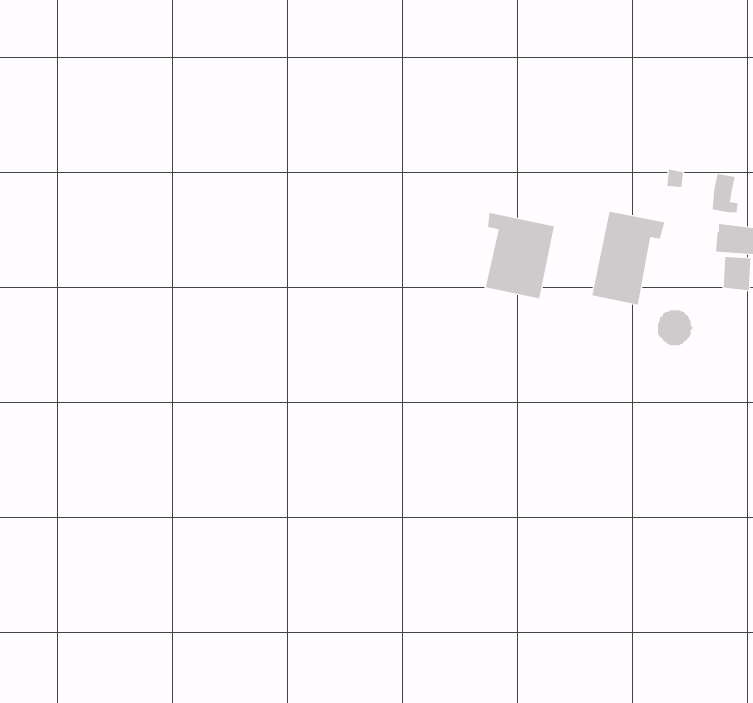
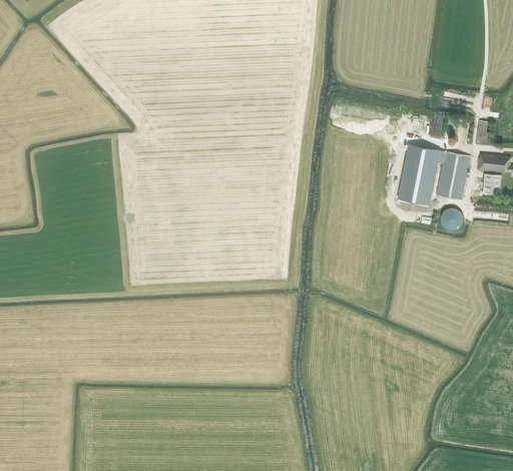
building: [485,212,554,299] -> none
building: none -> [436,151,469,199]

